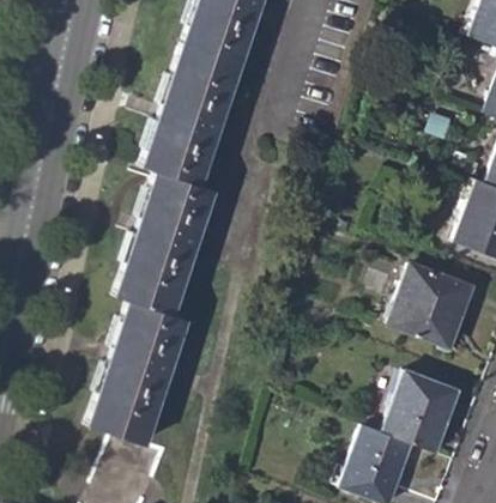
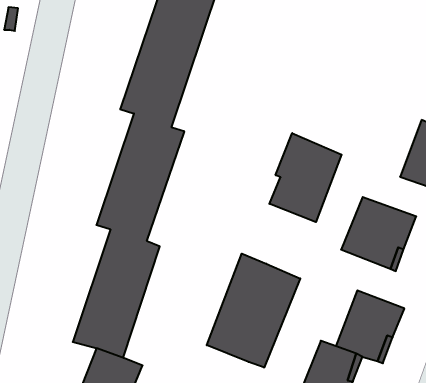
building: none -> [269,133,342,222]
building: none -> [207,254,300,368]

